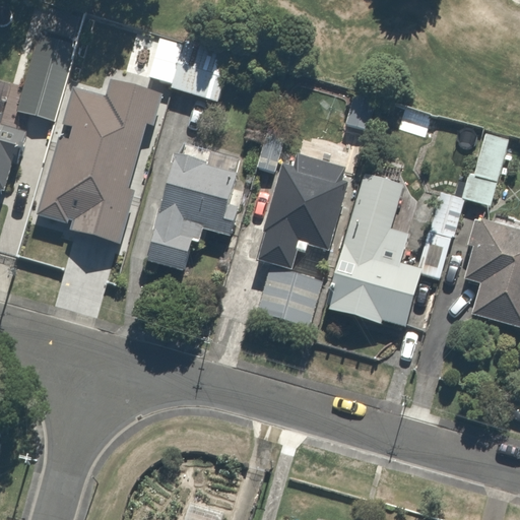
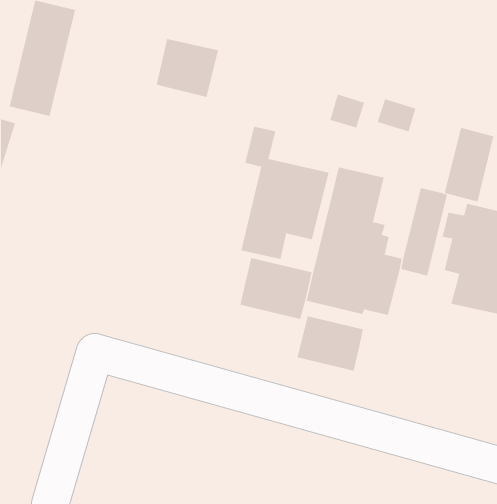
building: [41,77,167,245] -> none
building: [143,155,250,270] -> none
building: none -> [297,315,364,371]

